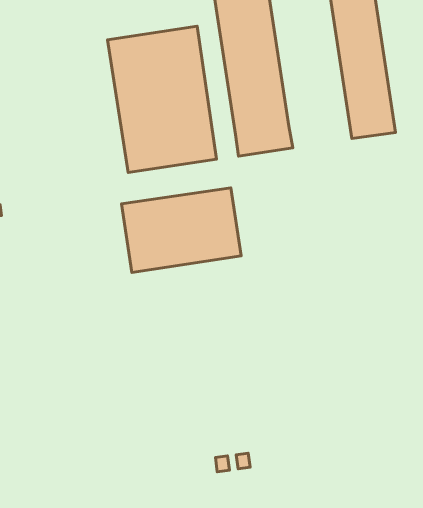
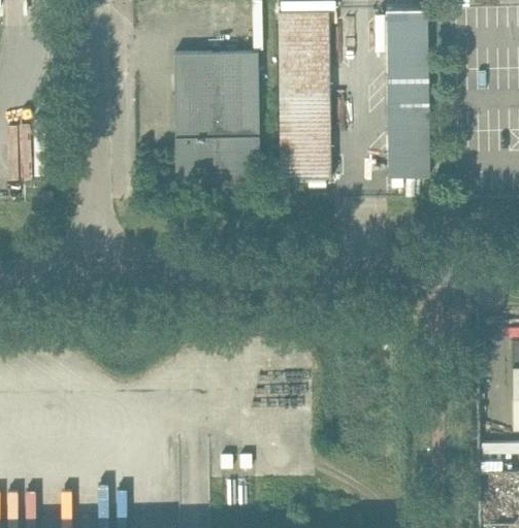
building: [121,188,241,272] -> none

